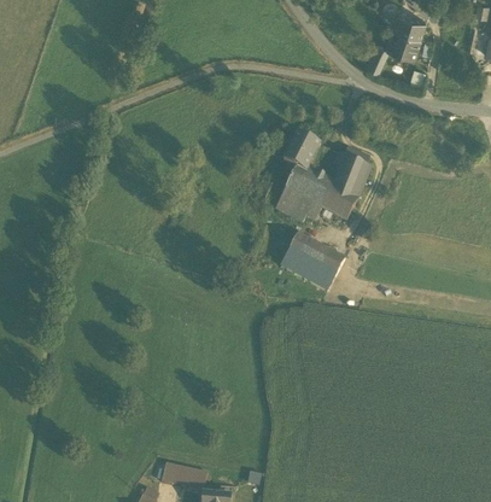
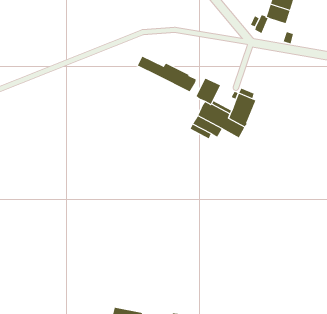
building: none -> [137,56,197,92]
building: [281,233,345,291] -> none

